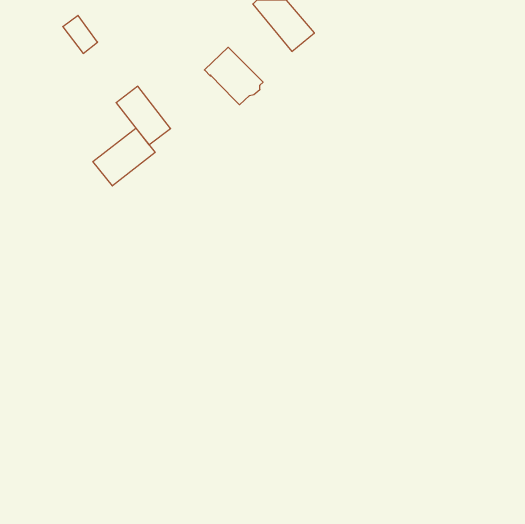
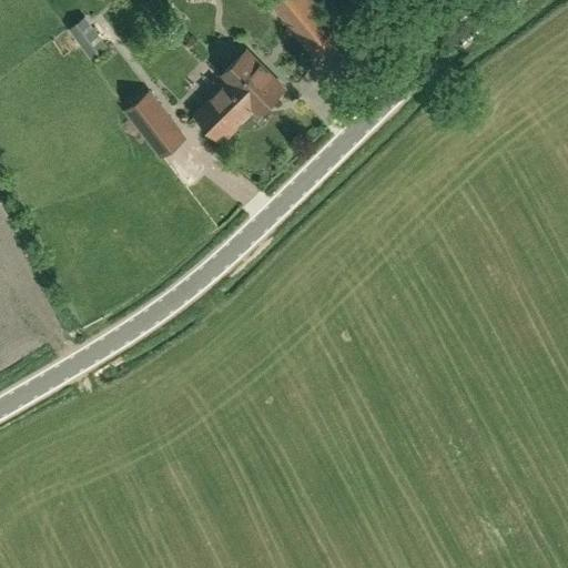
building: none -> [195,82,253,141]
building: [93,128,155,186] -> none

